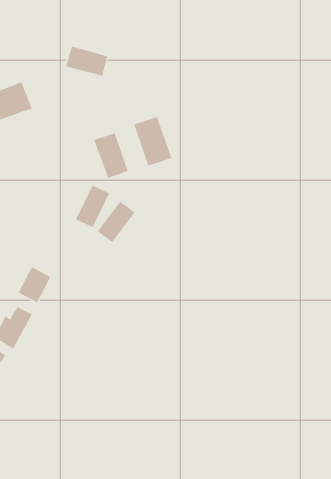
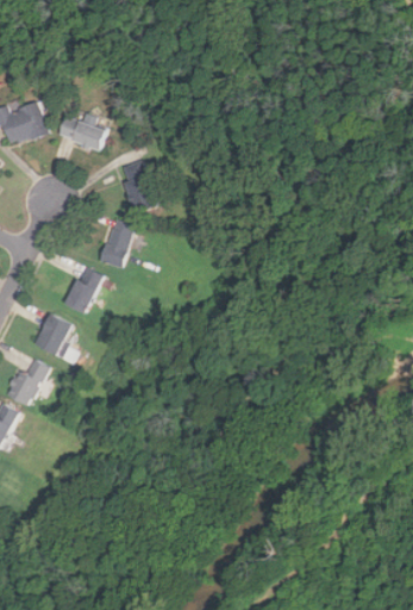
building: [65,46,108,76] -> [58,116,107,150]
building: [133,116,172,166] -> none
building: [97,201,136,243] -> [62,266,106,313]

